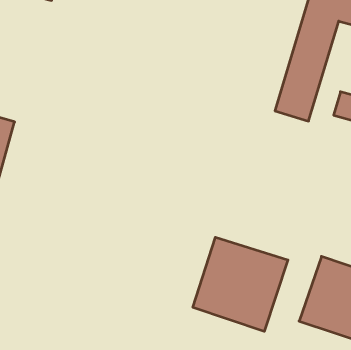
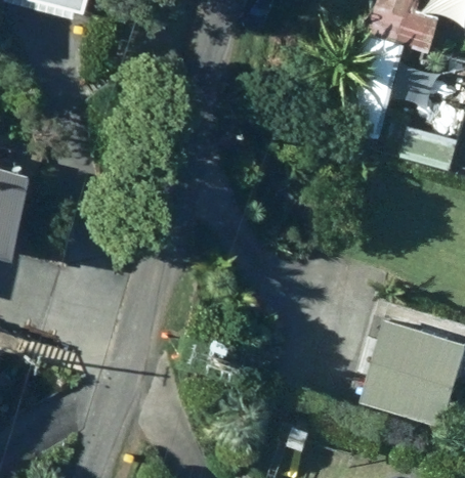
building: [193,237,288,331] -> none

